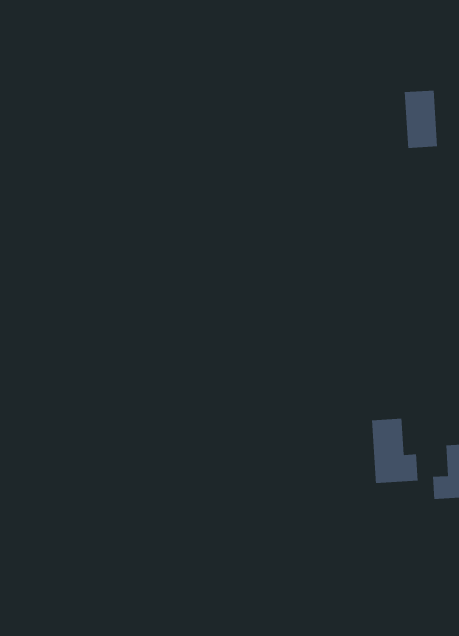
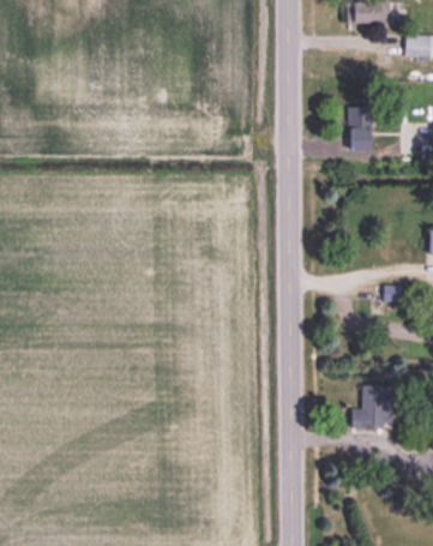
building: [371,418,418,484] -> none

